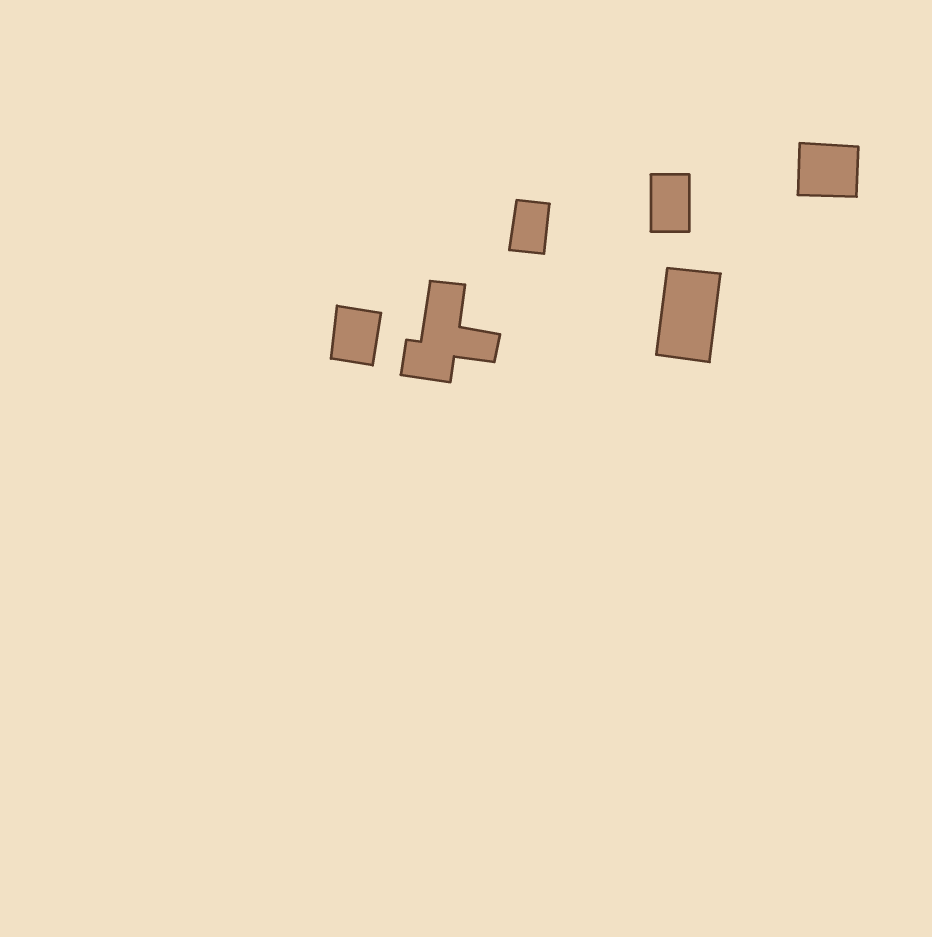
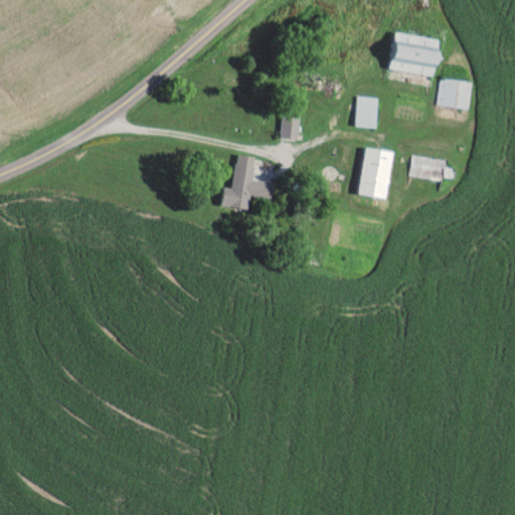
building: none -> [387,32,442,76]
building: none -> [409,158,445,180]
building: [331,306,381,365] -> none

